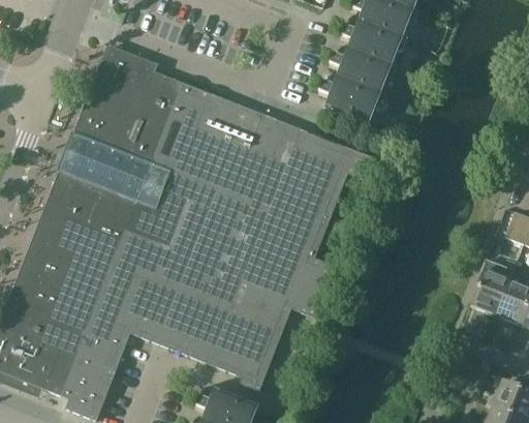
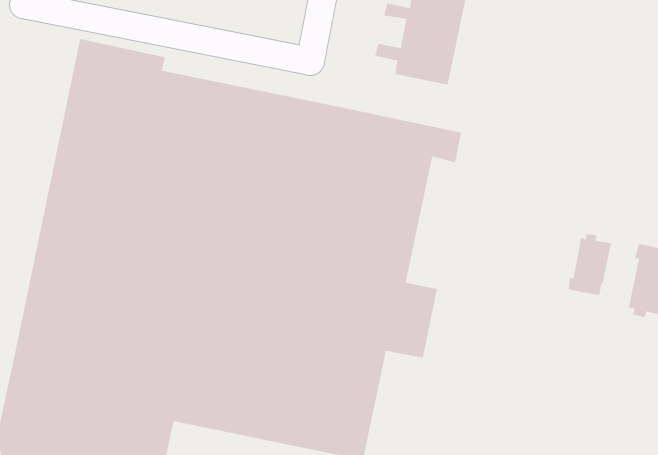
building: none -> [568,233,612,296]

